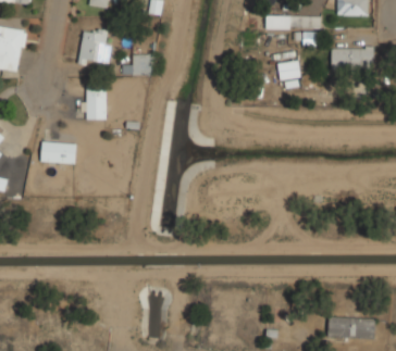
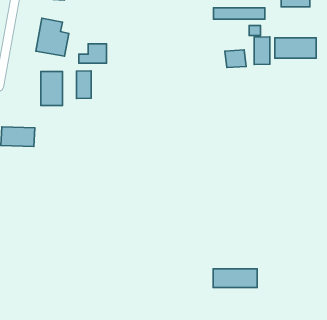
building: none -> [254,37,270,64]
building: none -> [76,71,91,99]
building: [329,318,375,338] -> [213,269,257,287]

